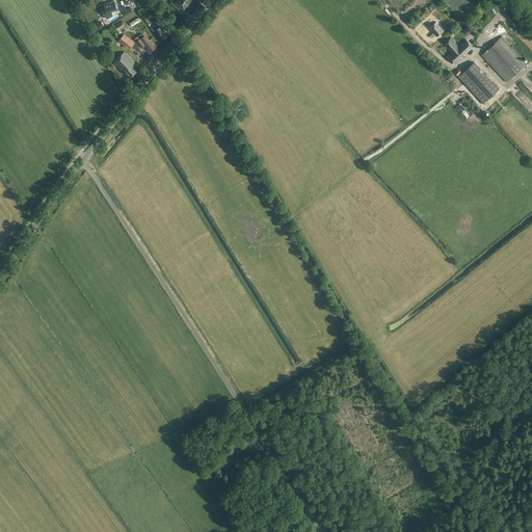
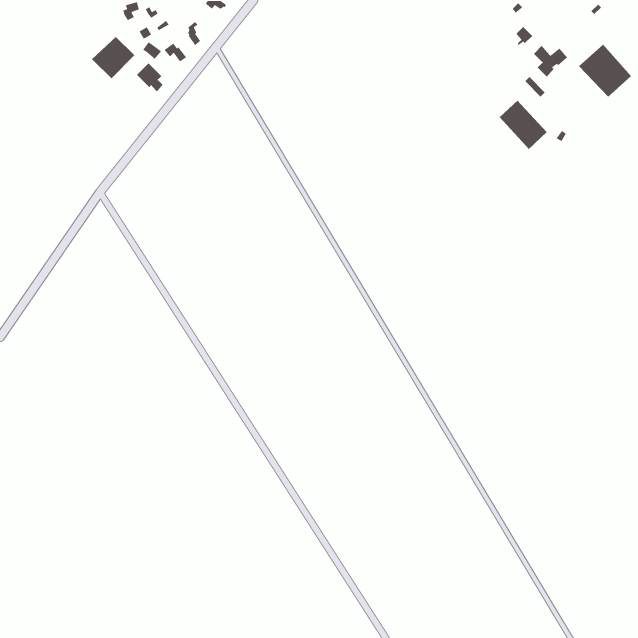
building: none -> [91,36,135,79]
building: [458,61,499,103] -> [499,100,547,150]

